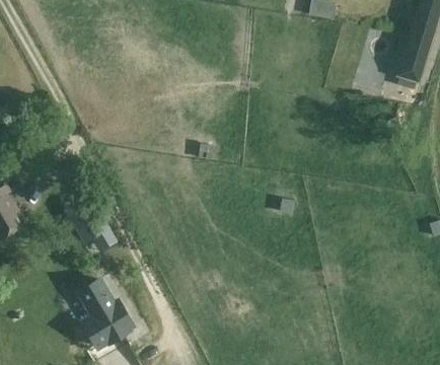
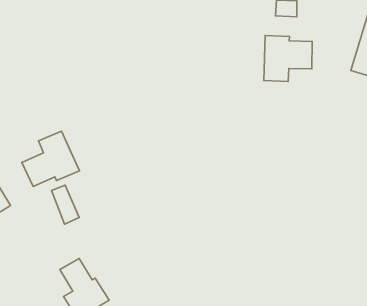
building: none -> [264,36,312,82]
building: none -> [22,131,79,187]

